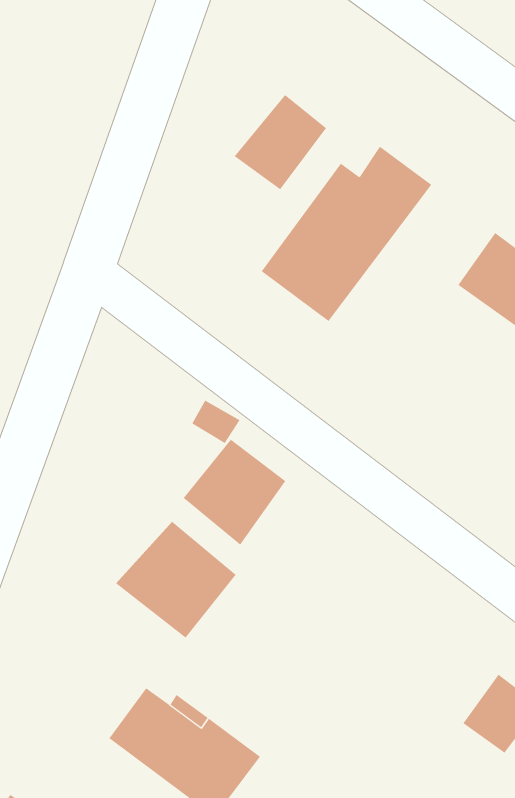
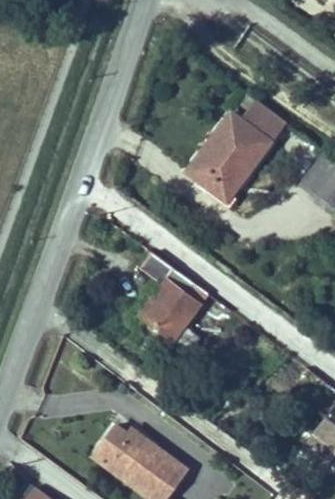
building: [234,94,327,190] -> none
building: [115,521,236,638] -> none

